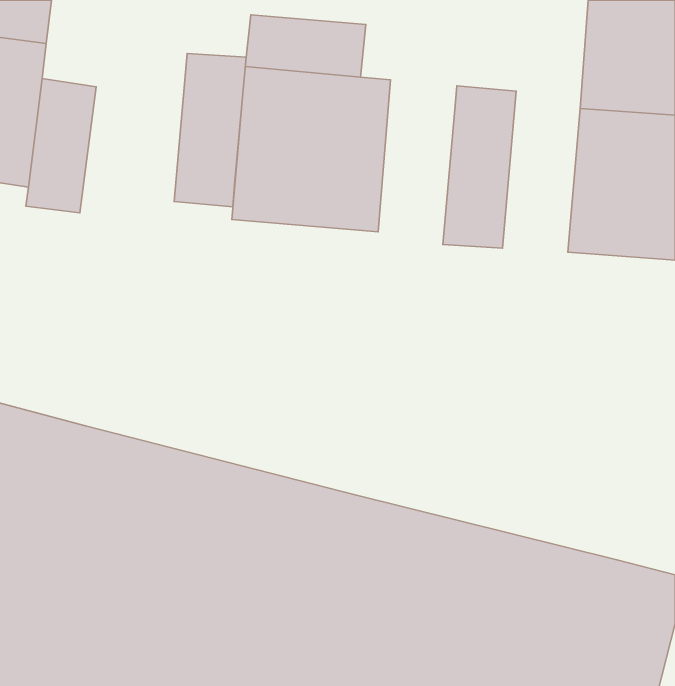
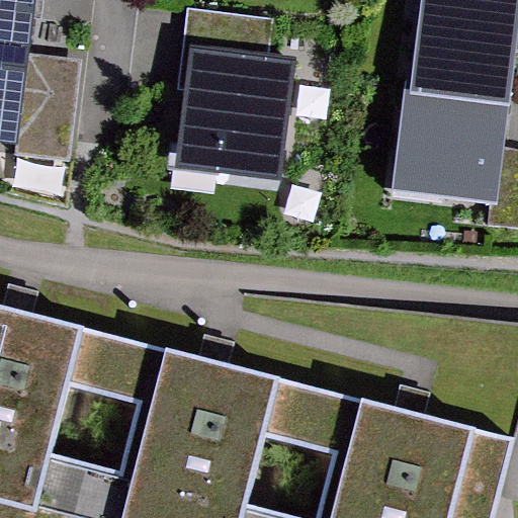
building: [174,53,246,207] -> none
building: [443,86,516,248] -> none

